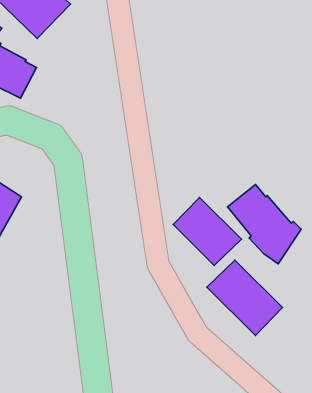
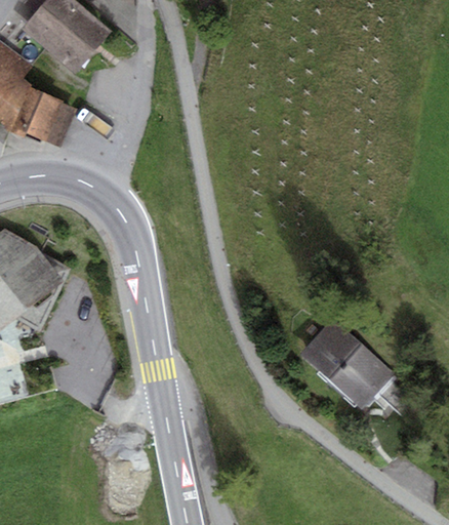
building: [228,185,301,264] -> none
building: [173,197,241,266] -> none

